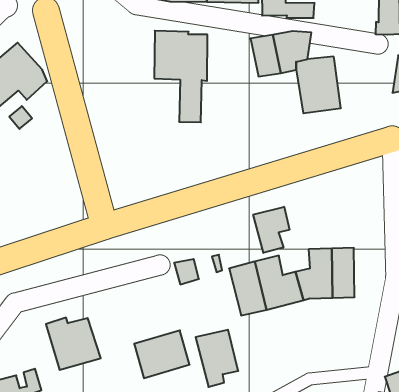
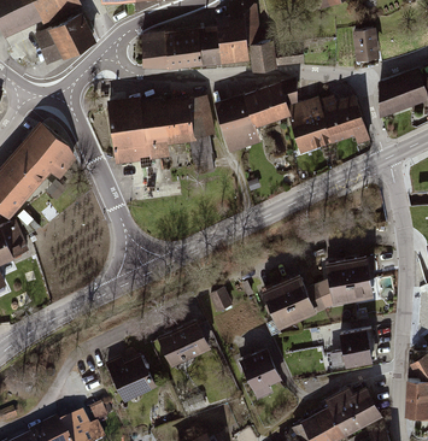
building: none -> [105,92,169,160]
building: none -> [216,88,263,147]
building: none -> [323,92,370,140]
building: [253,207,289,253] -> none
building: none -> [330,329,375,370]
building: [134,330,190,378] -> [156,324,207,371]

